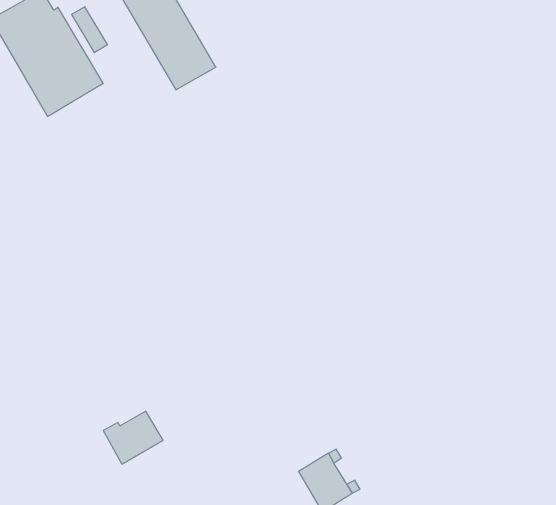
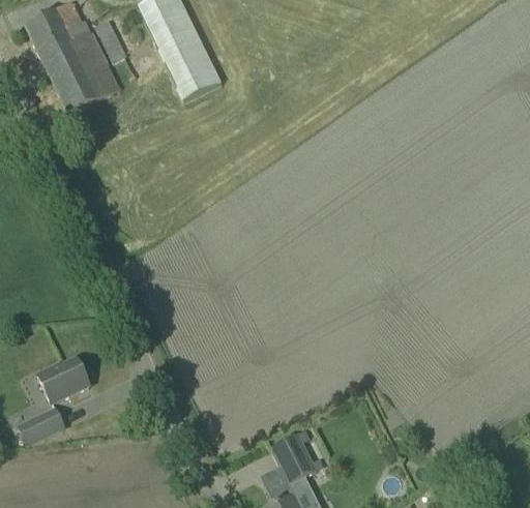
building: [103,411,163,464] -> [36,358,89,404]
building: none -> [18,409,63,445]

